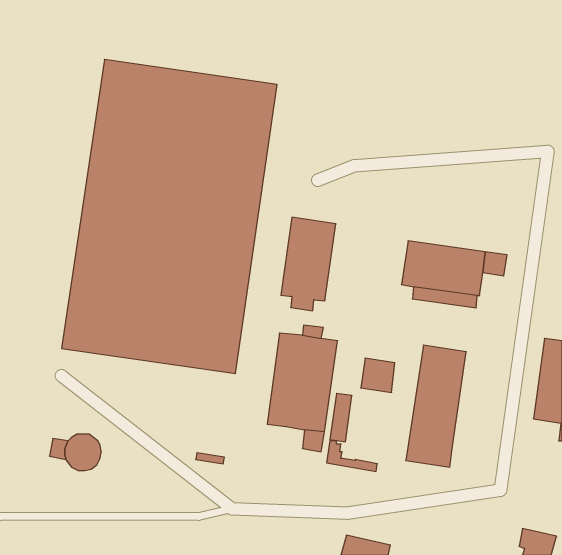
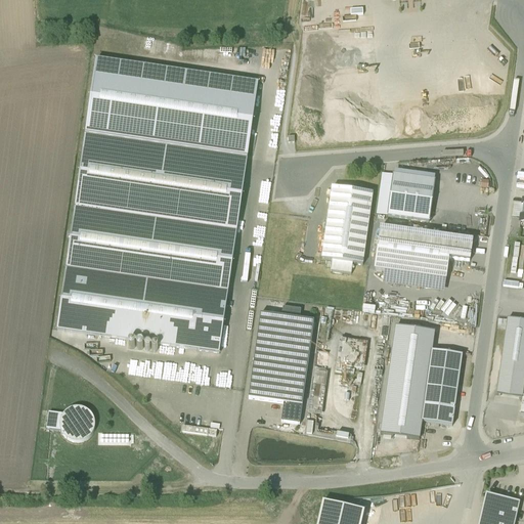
building: none -> [387,170,435,217]
building: [281,217,336,311] -> [321,182,373,269]
building: none -> [421,347,462,422]

